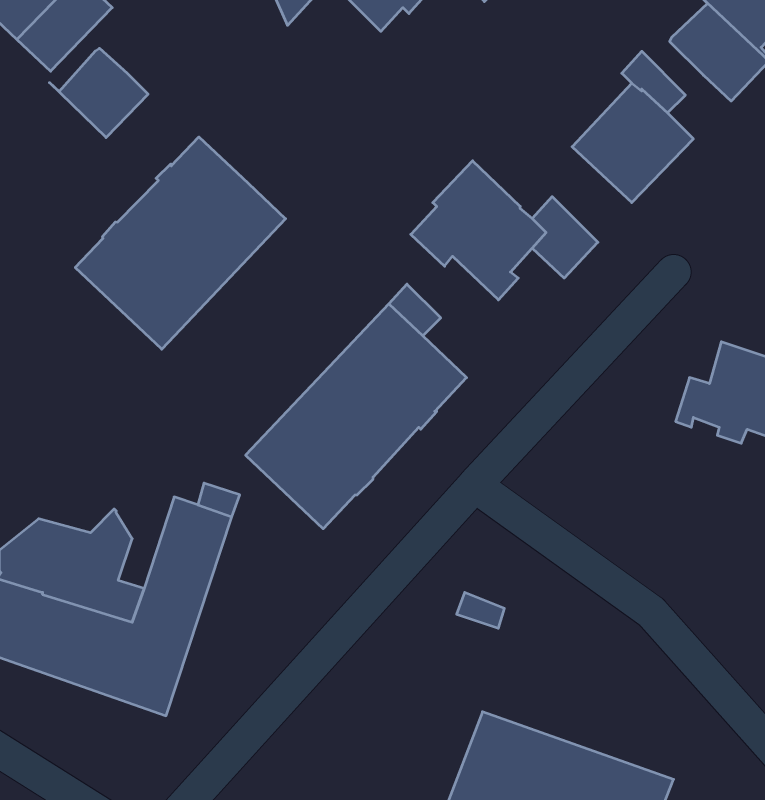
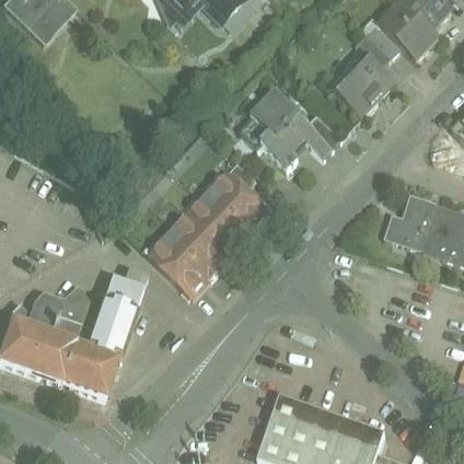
building: none -> [361,16,401,58]
building: [49,48,148,138] -> none
building: [75,137,286,349] -> none

